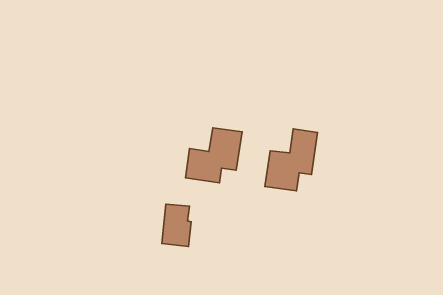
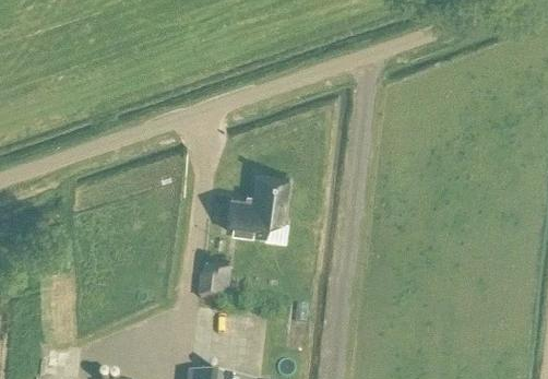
building: [265,129,317,191] -> none

